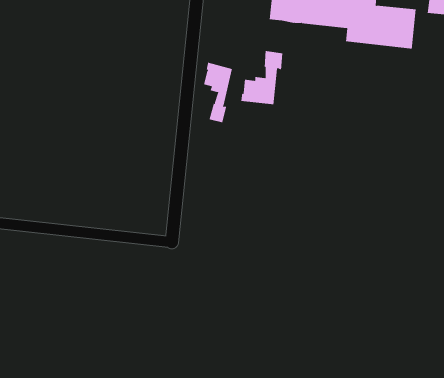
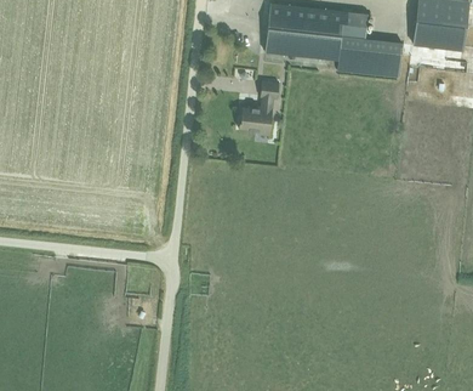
building: [204,62,233,123] -> none

